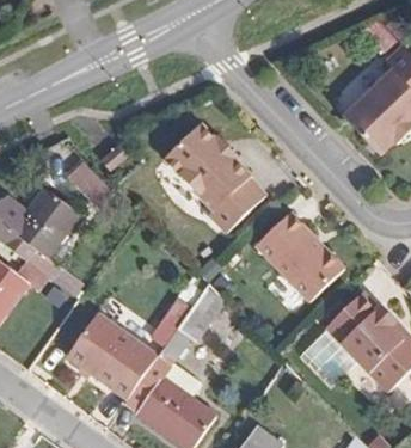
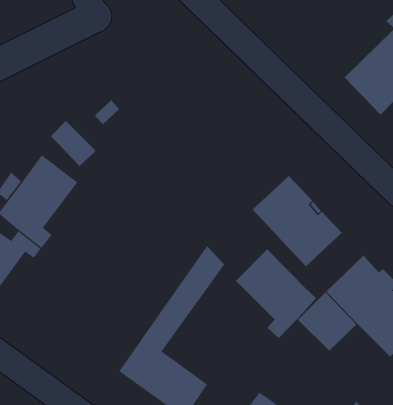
building: [164,119,266,229] -> none
building: none -> [235,248,317,339]
building: [73,331,154,401] -> none

